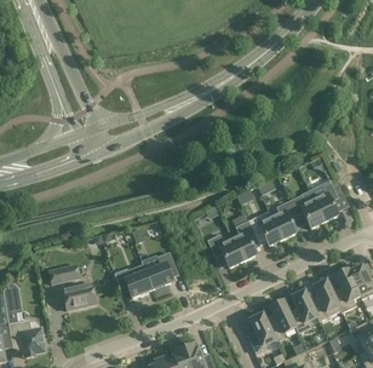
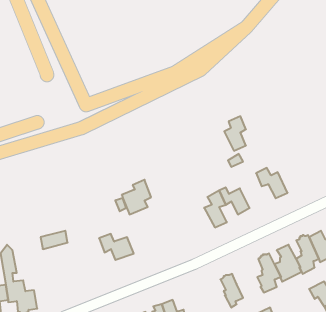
building: [310,177,344,222] -> none
building: [271,200,295,238] -> [224,116,246,151]
building: [207,234,243,268] -> none
building: [144,251,177,289] -> [122,180,151,214]
building: [62,282,96,310] -> none
building: [268,300,295,341] -> none

